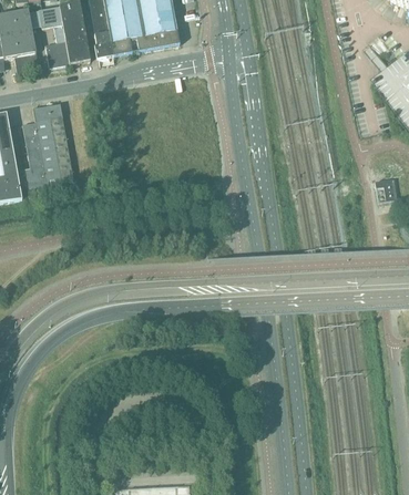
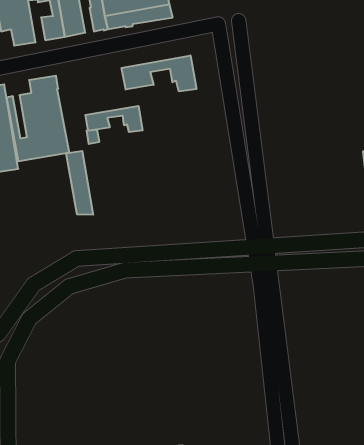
building: none -> [122,55,196,91]
building: none -> [85,106,143,132]
building: none -> [66,151,93,215]

